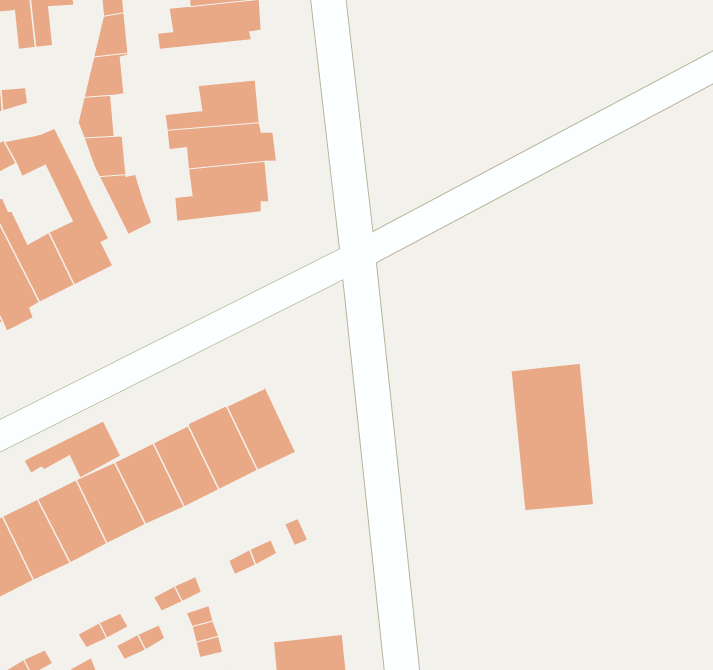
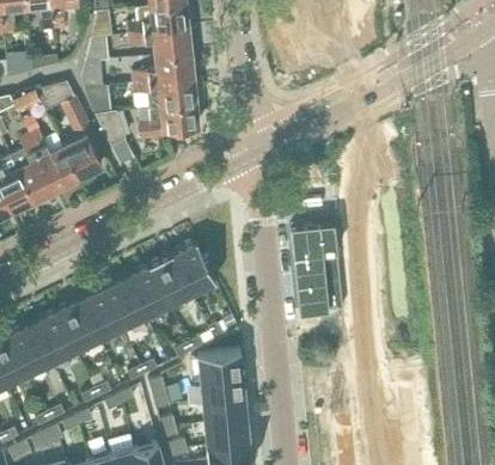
building: none -> [129,27,189,56]
building: [511,364,594,510] -> [291,222,342,313]
building: [24,421,121,478] -> none
building: none -> [196,351,243,400]

